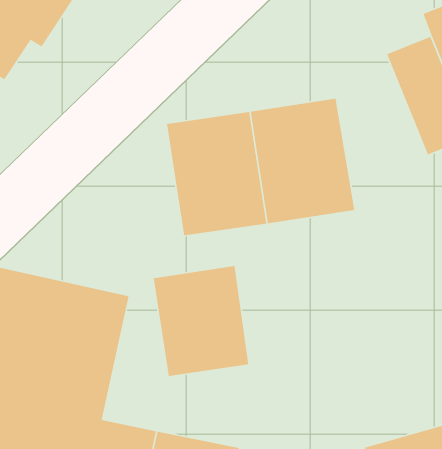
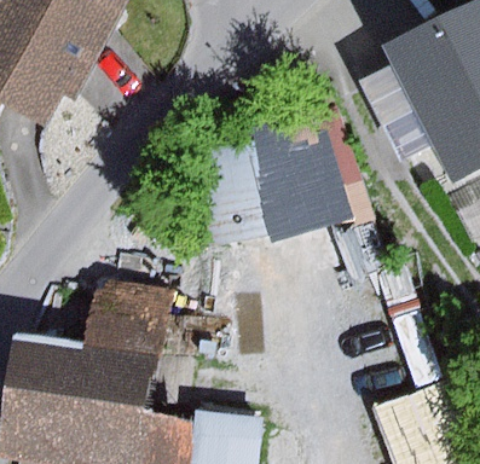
building: [153,265,249,377] -> none

